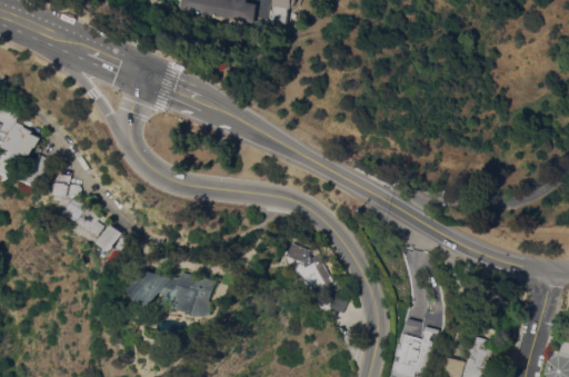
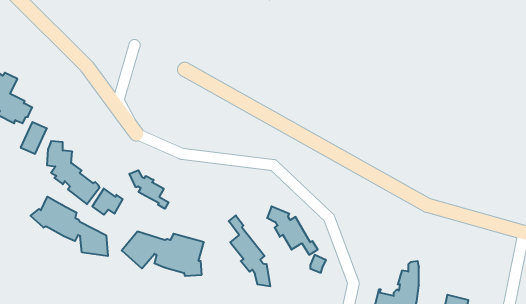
building: none -> [129,170,169,209]
building: none -> [31,197,108,256]
building: none -> [229,215,270,286]

